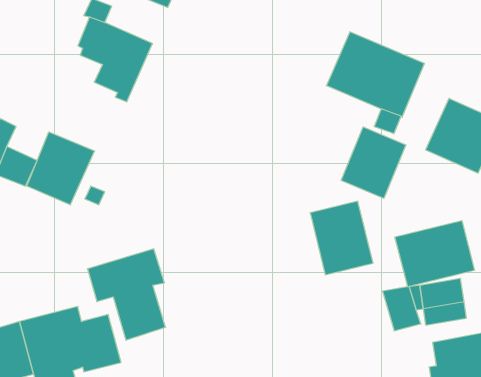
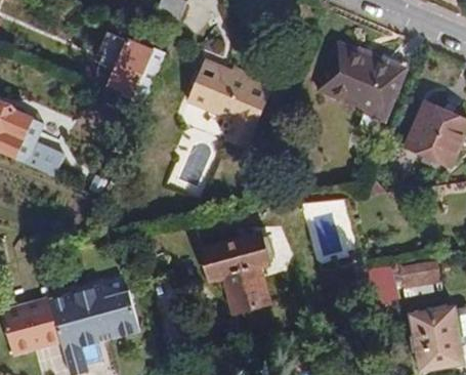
building: none -> [186,49,271,143]
building: [341,127,406,198] -> none
building: [27,132,94,205] -> none
building: [395,221,474,287] -> none
building: [87,249,166,340] -> [201,232,269,311]

